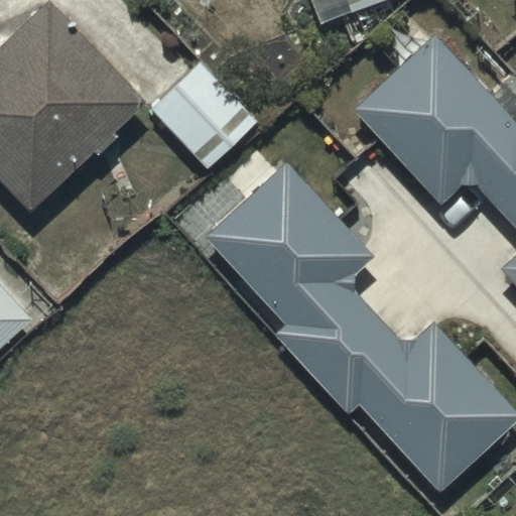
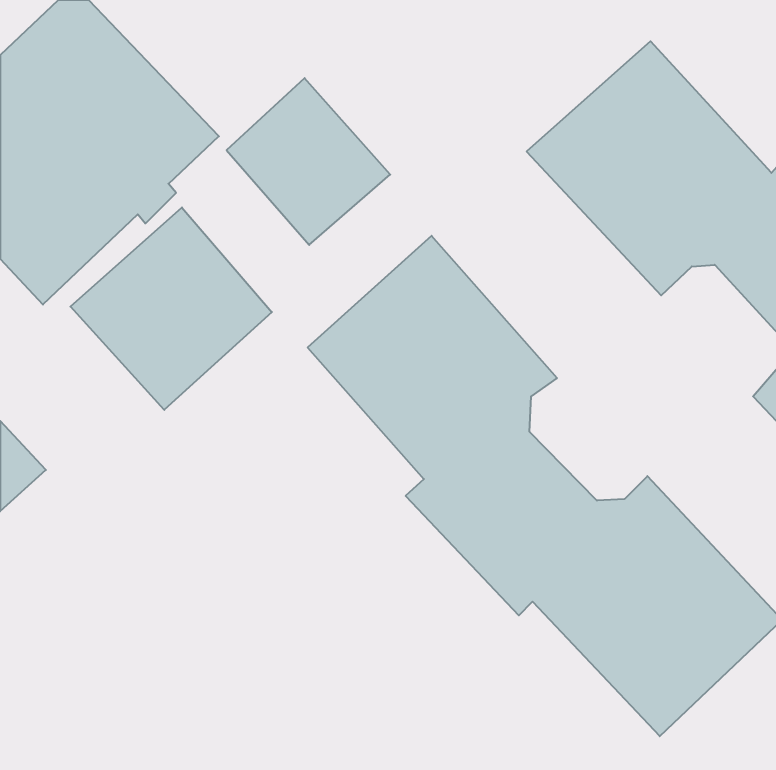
building: none -> [70,207,272,410]

